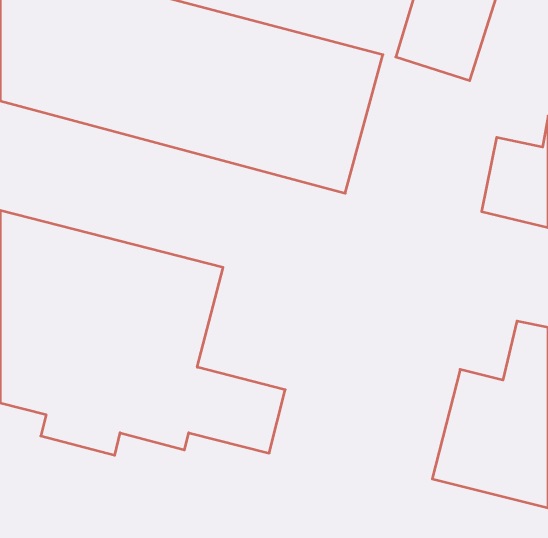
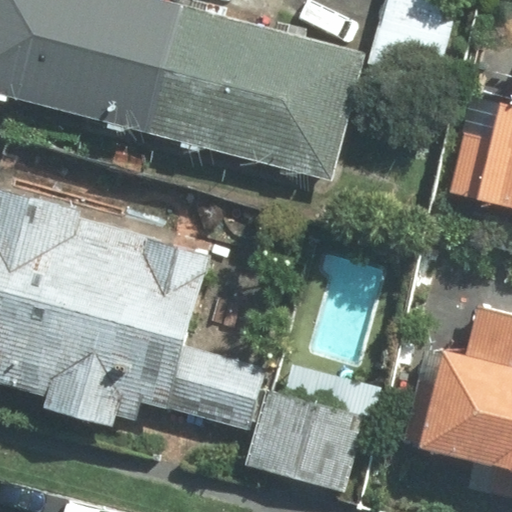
building: none -> [246,383,365,489]

